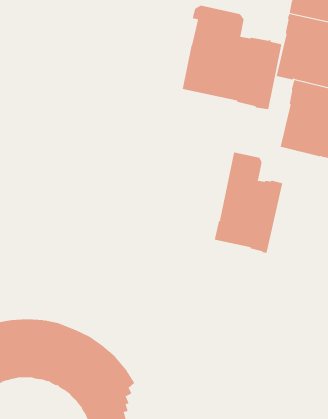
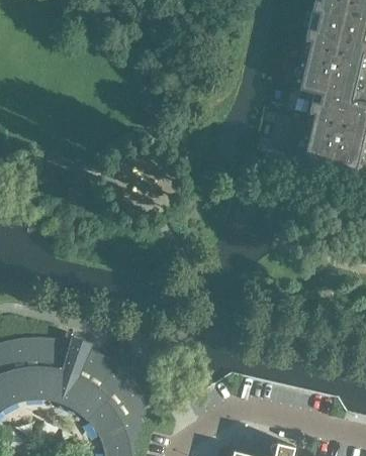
building: [182,5,283,110] -> none
building: [214,151,283,253] -> none

